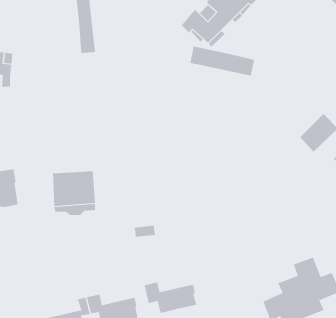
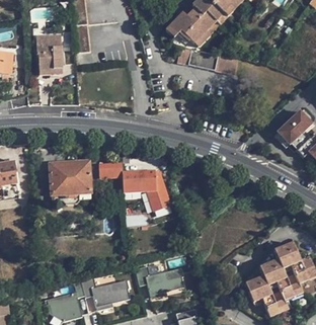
building: none -> [36,44,63,74]
building: none -> [98,159,167,207]

